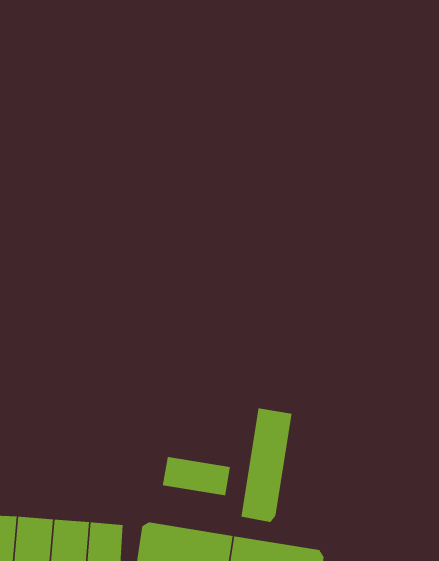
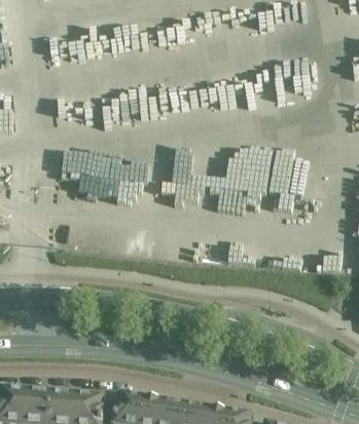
building: [241,408,292,523] -> none
building: [162,456,231,496] -> none

